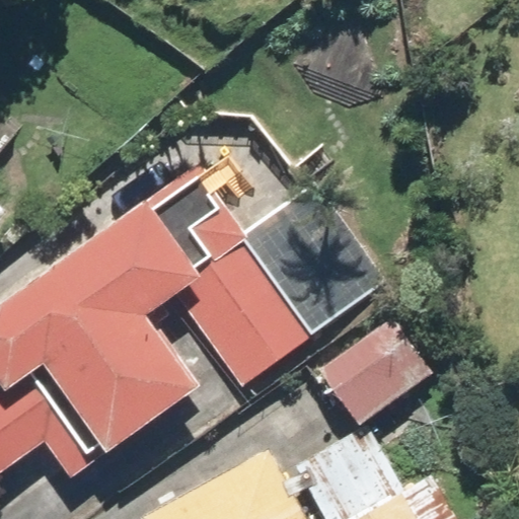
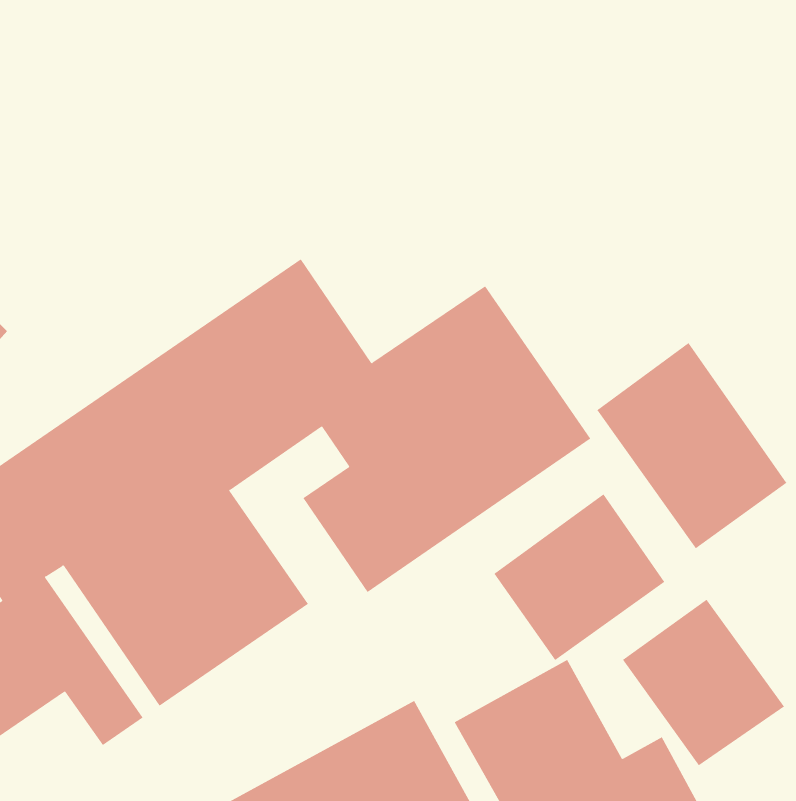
building: none -> [596,342,787,549]
building: none -> [622,599,785,766]

